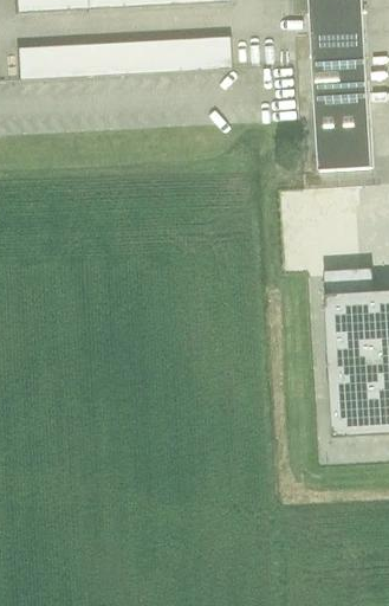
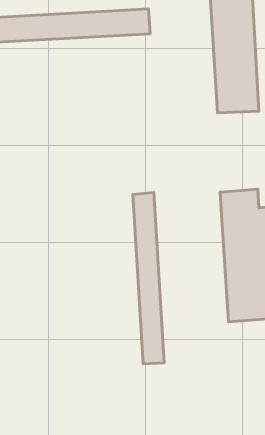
building: none -> [133,193,164,364]

